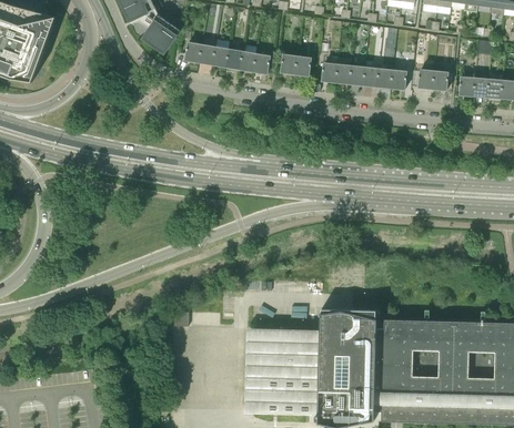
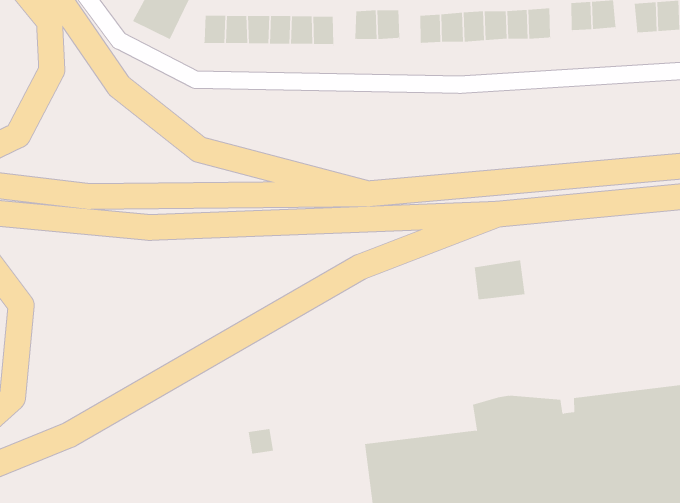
building: none -> [474,259,525,300]

